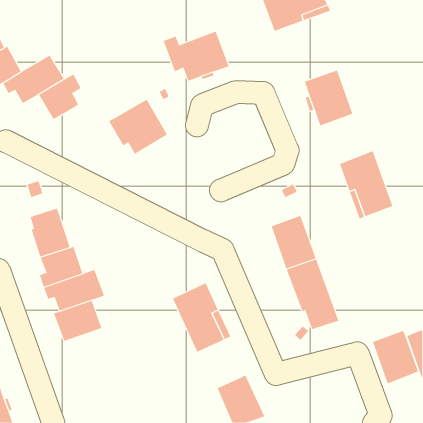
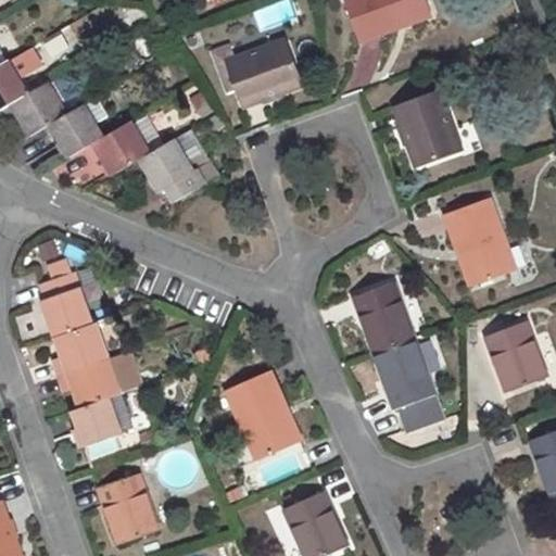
building: none -> [87,119,151,174]
building: [372,330,419,384] -> [484,320,545,391]
building: none -> [98,472,156,542]

